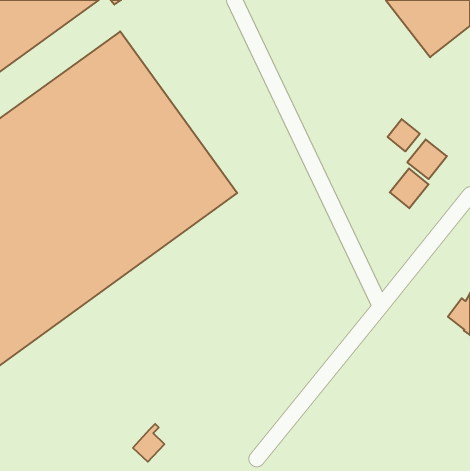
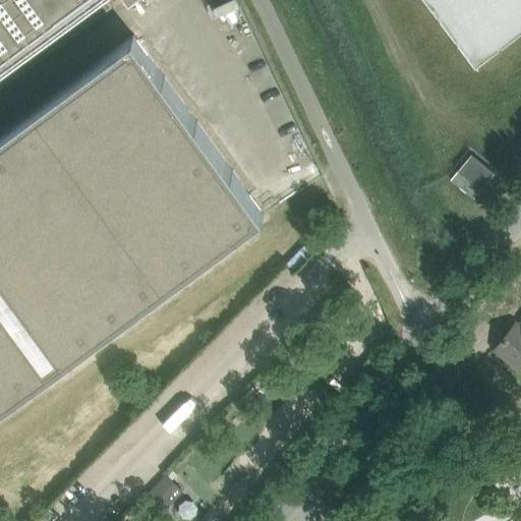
building: [388,119,420,151] -> none
building: [390,168,429,208] -> none

